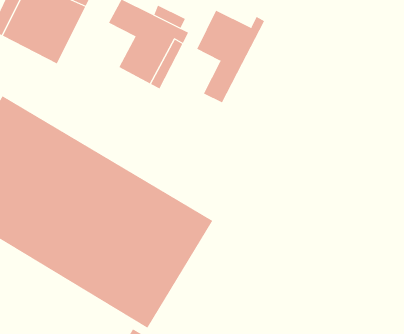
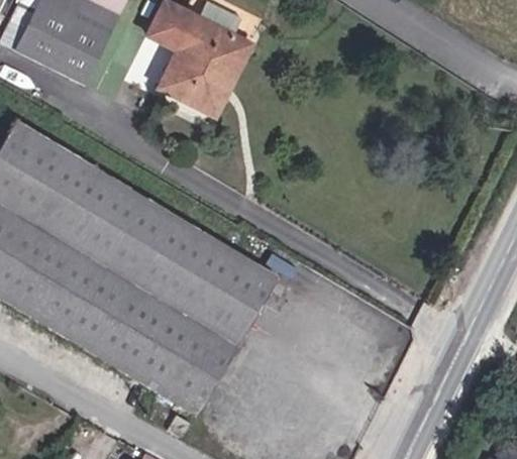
building: [196,10,265,103] -> none

